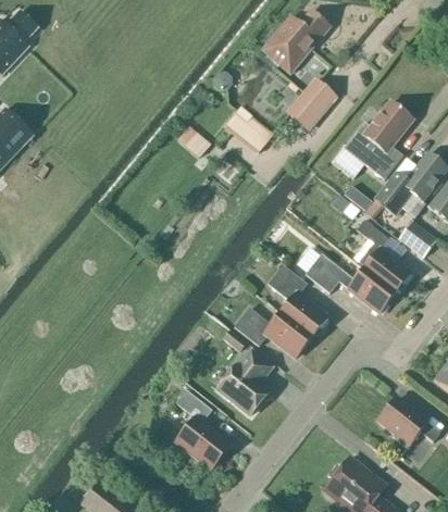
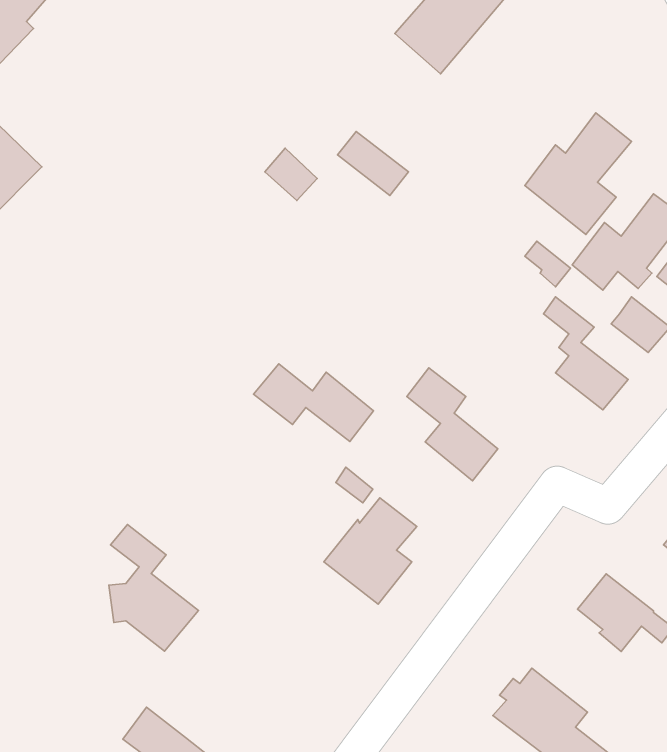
building: [286,77,338,130] -> none
building: [306,253,395,312] -> none
building: [234,307,311,357] -> [253,364,373,441]
building: [175,389,233,471] -> [109,525,198,651]

